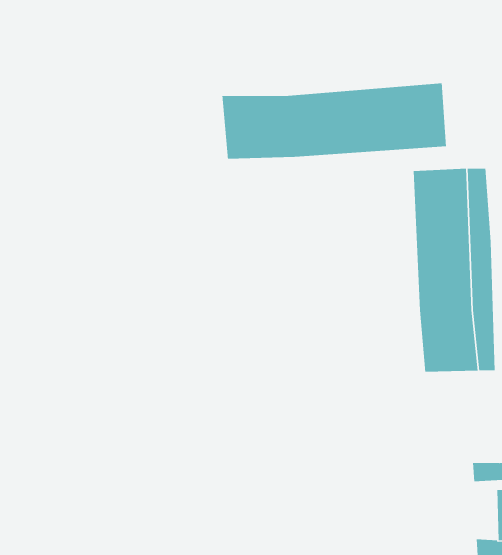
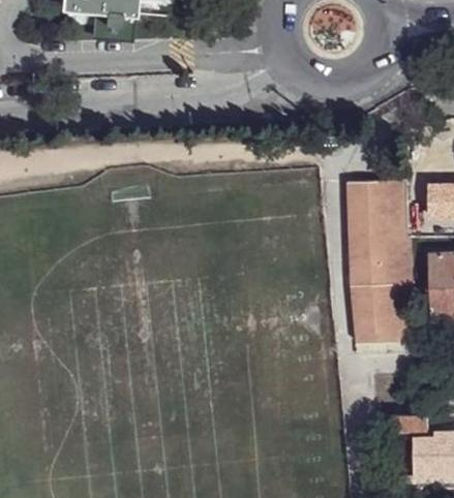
building: [222,83,446,159] -> none

